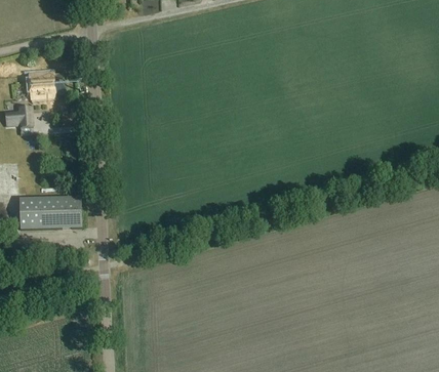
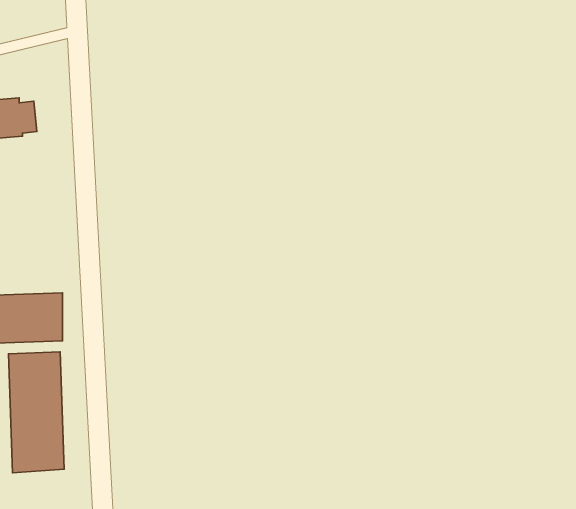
building: none -> [9,352,64,473]

